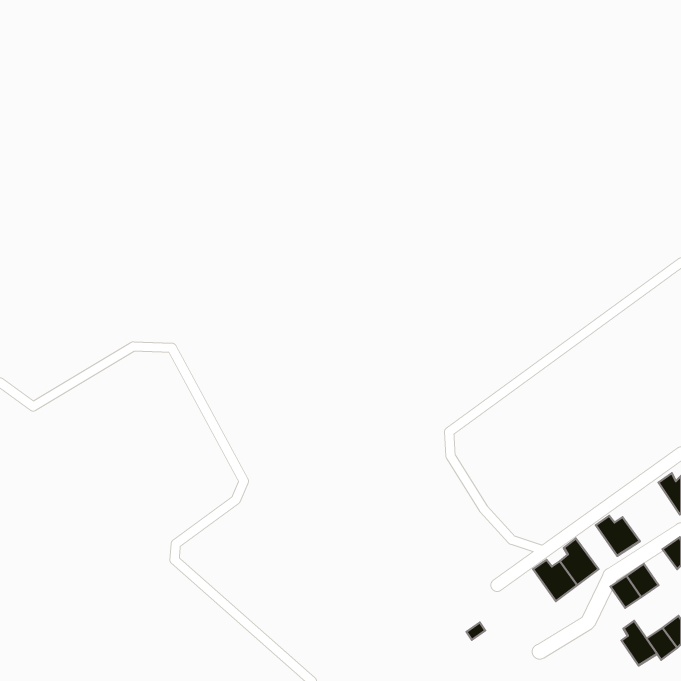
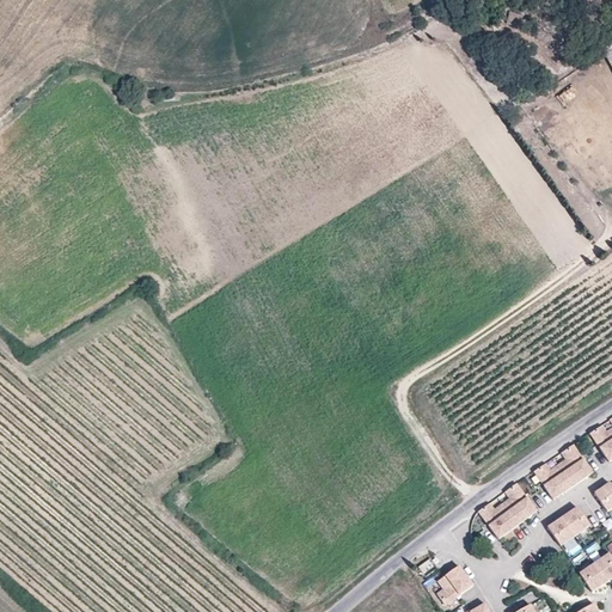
building: none -> [558,443,593,485]
building: [622,621,657,666] -> none
building: none -> [437,565,473,605]

